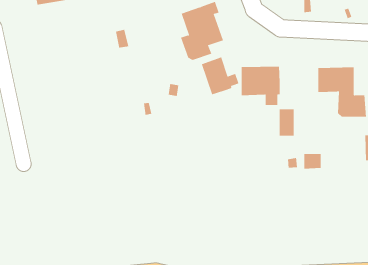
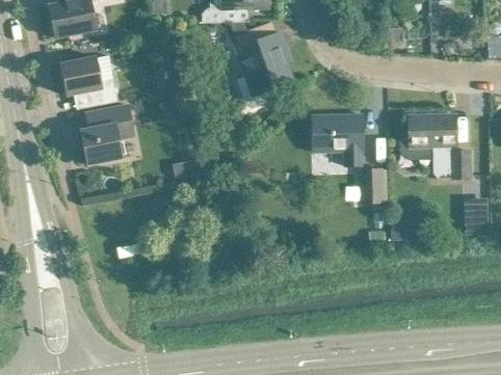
building: none -> [60,55,118,107]
building: [201,57,239,95] -> none
building: none -> [80,104,134,164]

